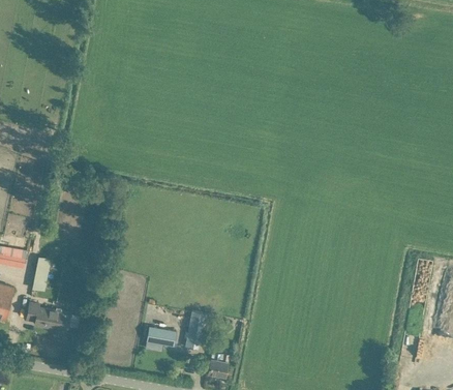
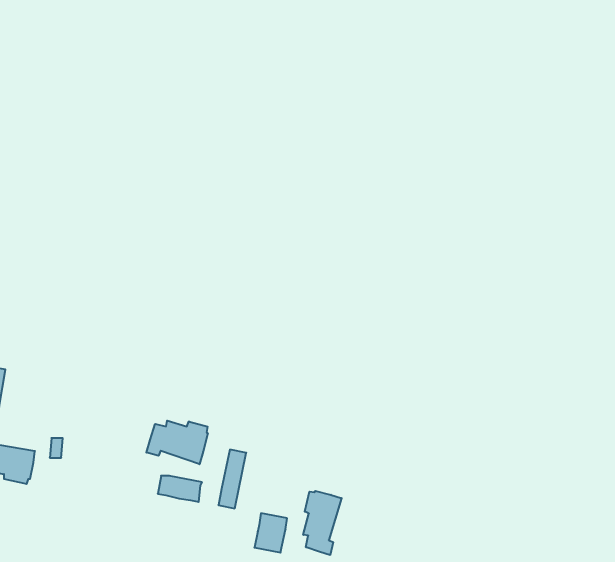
building: none -> [146,421,208,464]
building: none -> [303,491,342,555]

